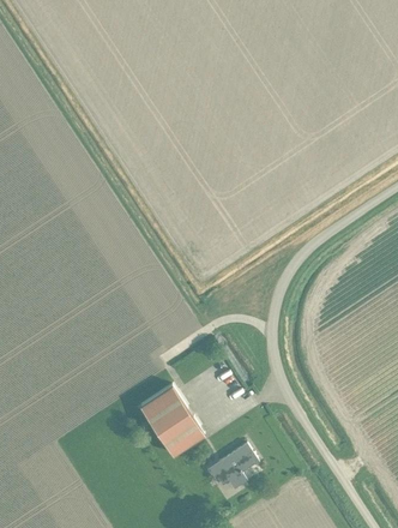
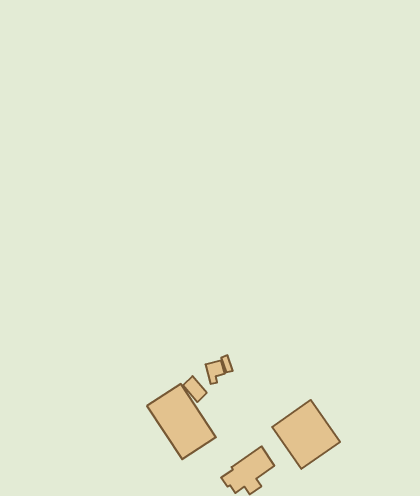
building: none -> [272,400,340,469]

